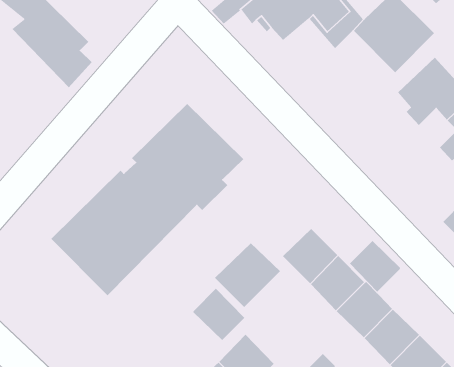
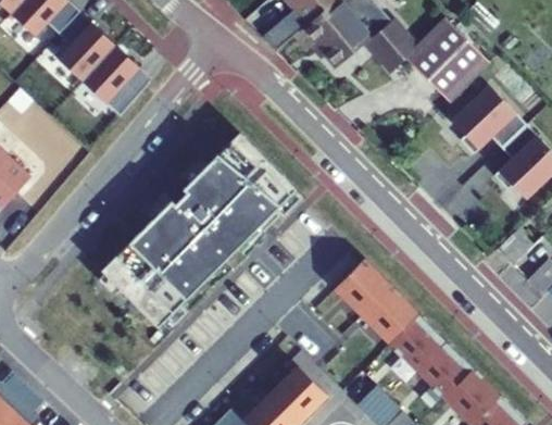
building: [349,240,401,292] -> none
building: [214,242,281,308] -> none
building: [192,288,245,341] -> none

